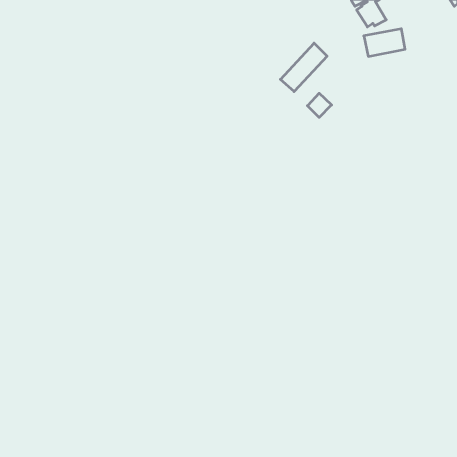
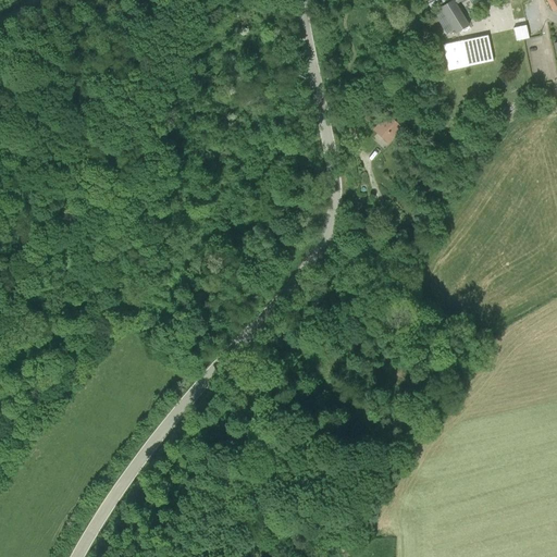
building: [280,43,327,92] -> none

